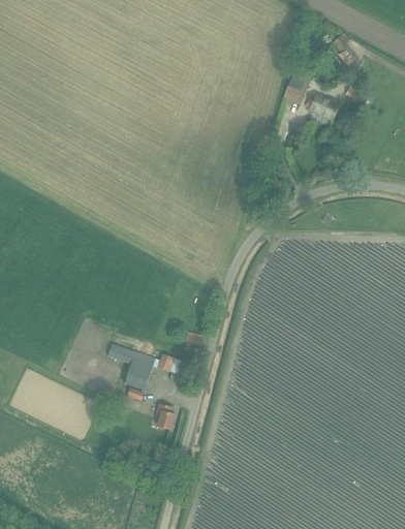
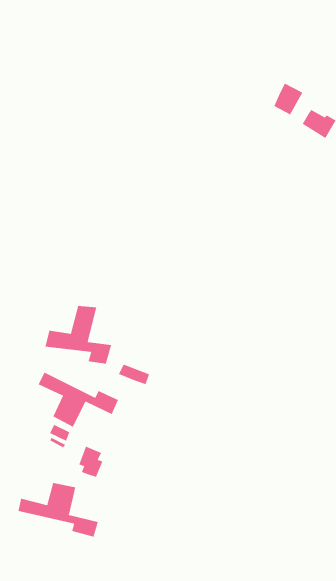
building: none -> [45,305,112,365]
building: none -> [18,482,98,537]

